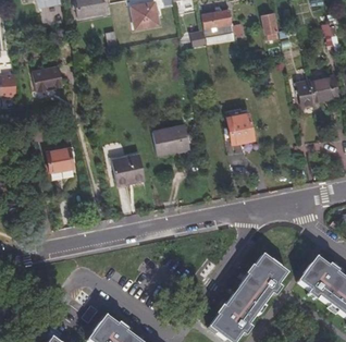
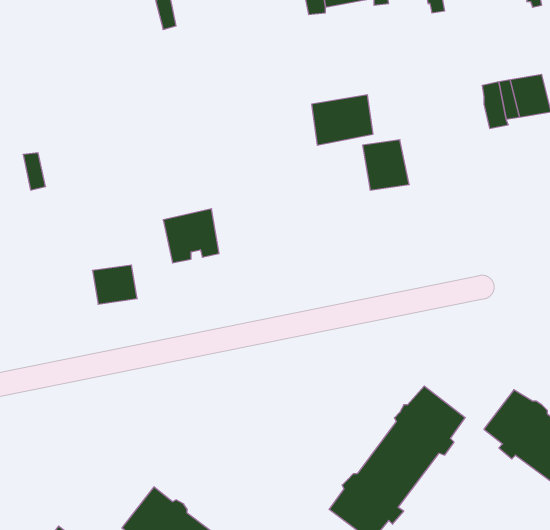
building: [33,66,62,90] -> none
building: [152,121,188,150] -> [312,95,373,145]
building: [48,149,74,172] -> [92,265,137,304]

